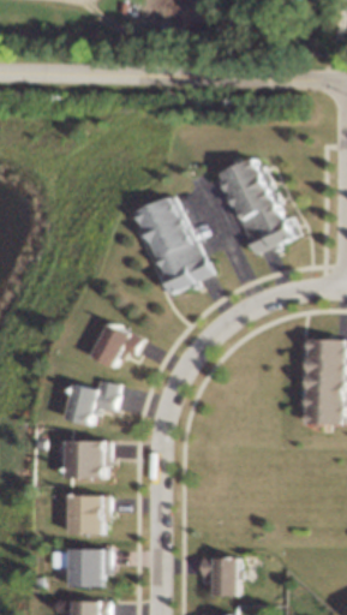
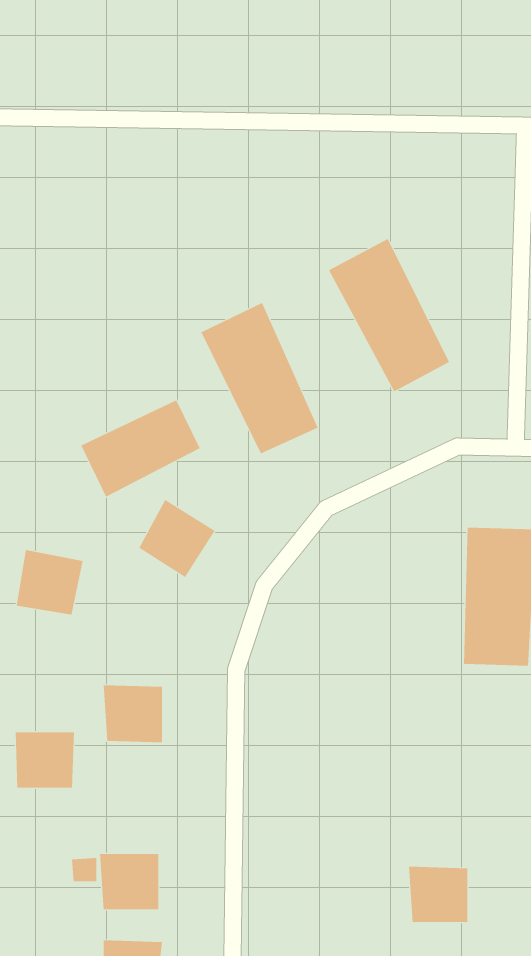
building: none -> [81,399,200,498]
building: [74,380,118,422] -> [16,549,83,615]
building: [71,495,109,531] -> [15,732,75,788]
building: [202,559,240,595] -> [408,866,468,922]

